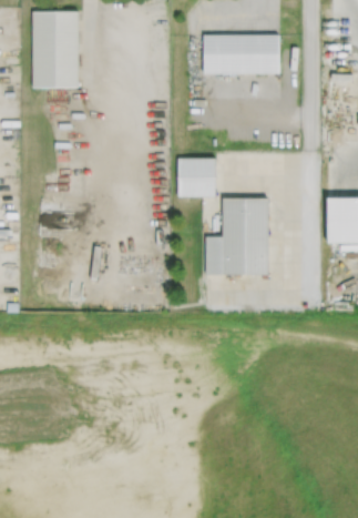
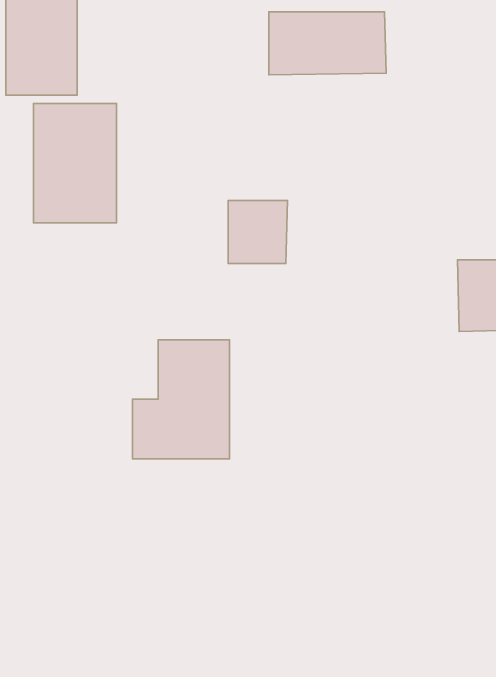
building: none -> [34,103,117,223]
building: [206,197,269,275] -> [133,340,229,459]

